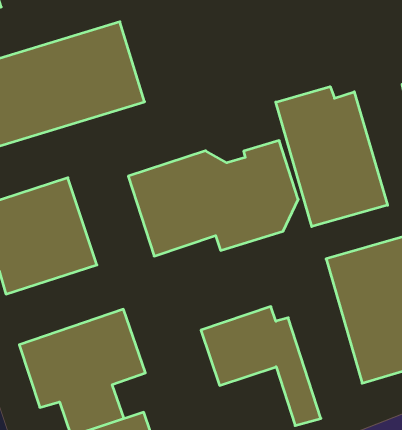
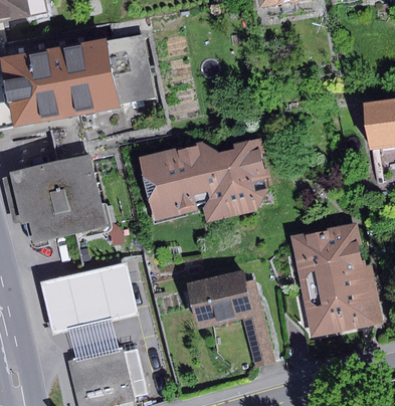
building: [276,87,388,227] -> none

